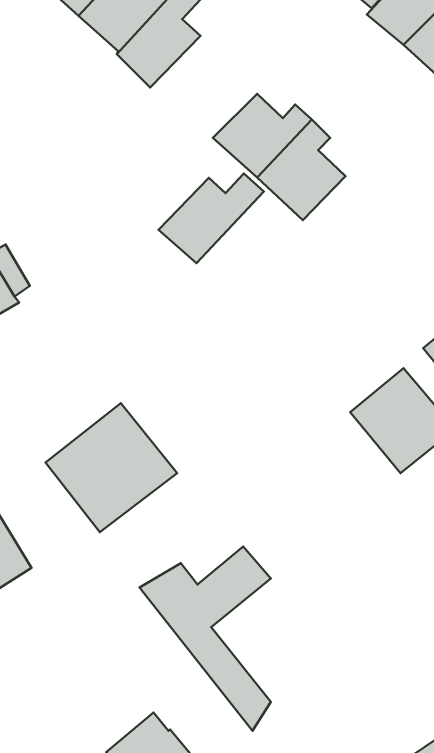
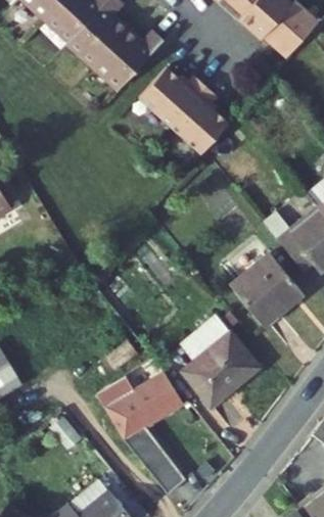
building: [159,173,264,263] -> [102,30,173,90]
building: [46,403,177,532] -> none
building: none -> [183,315,260,407]

